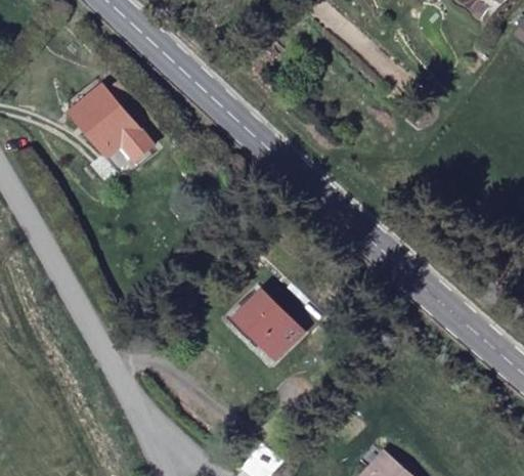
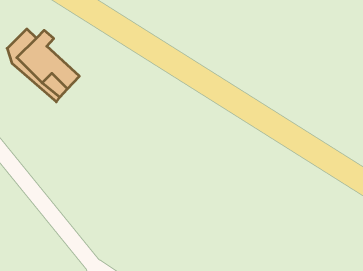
building: [243,284,309,352] -> none

